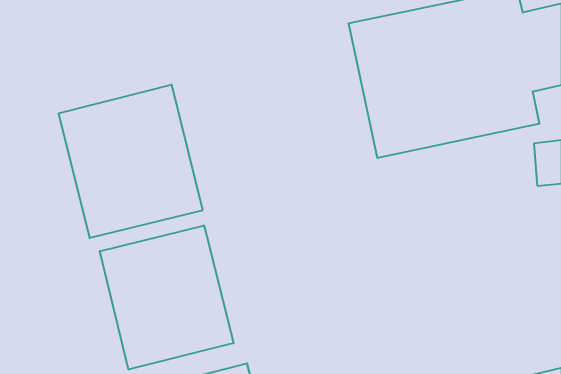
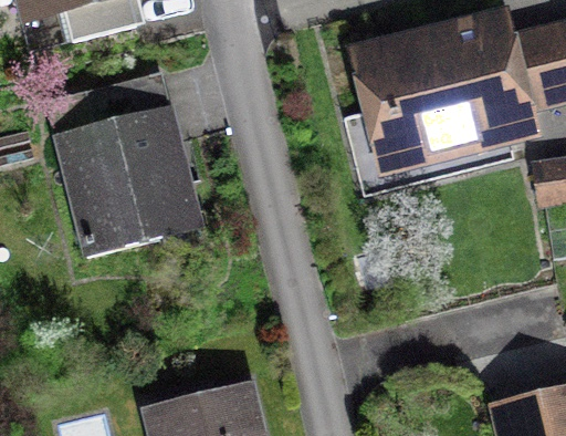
building: [100,225,234,369] -> none

